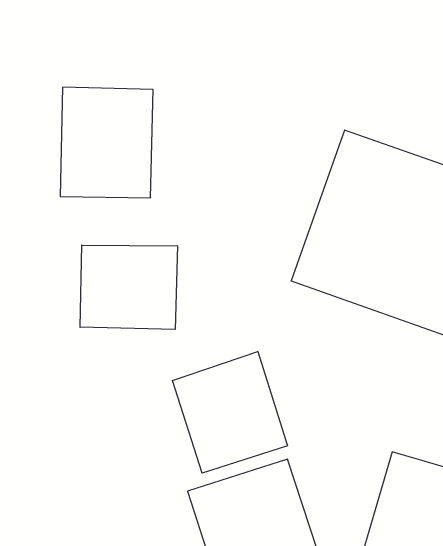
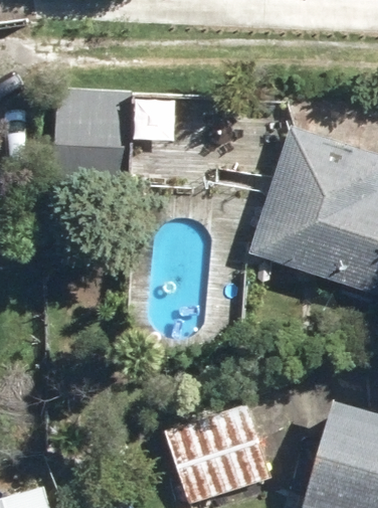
building: [80,245,178,329] -> none
building: [172,351,287,473] -> none

